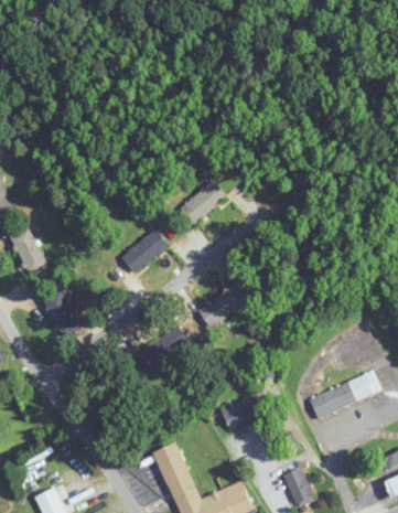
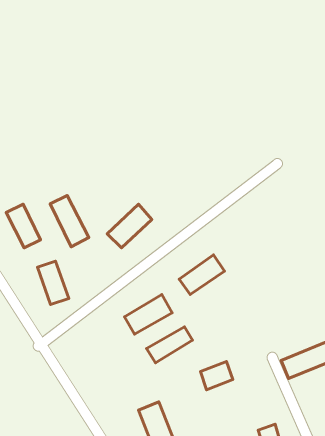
building: [179,179,227,224] -> none
building: none -> [50,195,89,247]
building: none -> [147,327,193,363]

